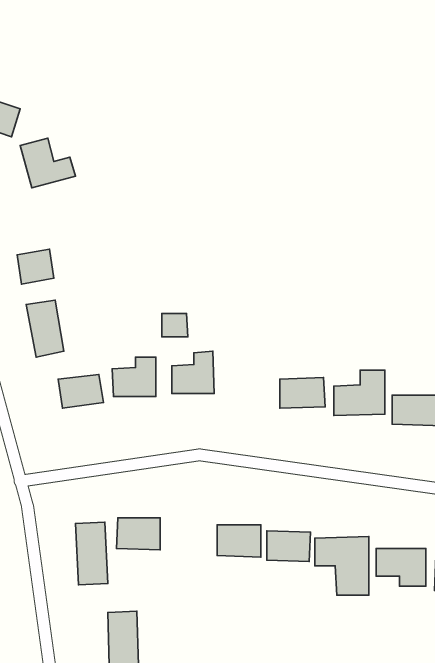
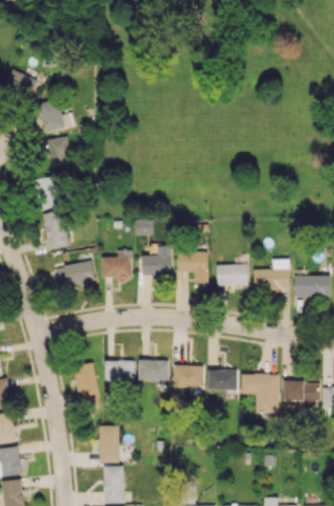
building: none -> [48,137,70,167]
building: none -> [177,251,207,283]
building: none -> [138,359,168,380]

